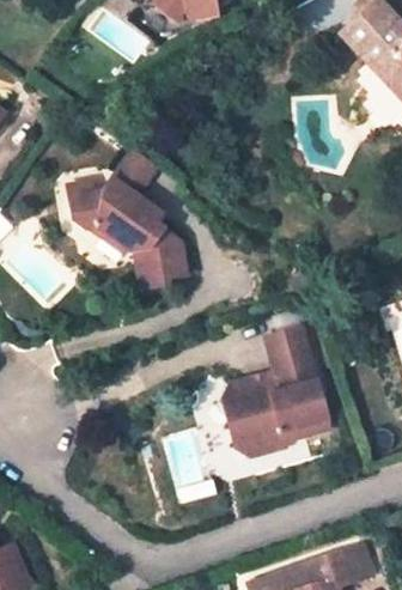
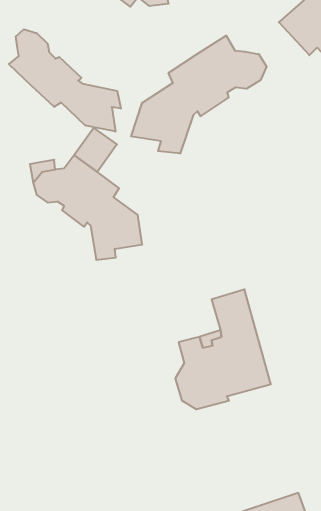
building: none -> [9,29,121,132]
building: none -> [131,36,267,154]

